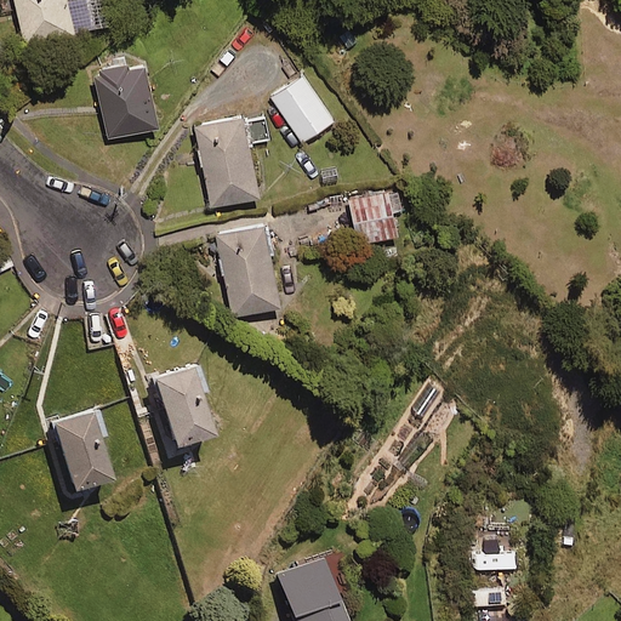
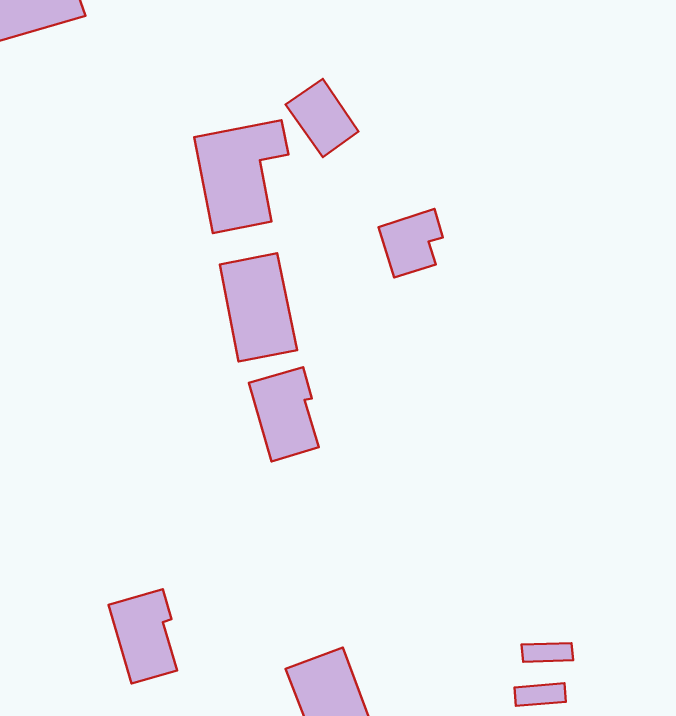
building: [93,58,164,139] -> none
building: [149,365,209,445] -> [249,367,319,461]
building: [49,409,107,489] -> [109,589,177,683]

